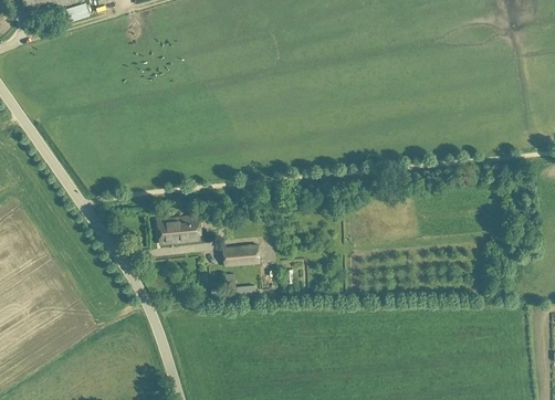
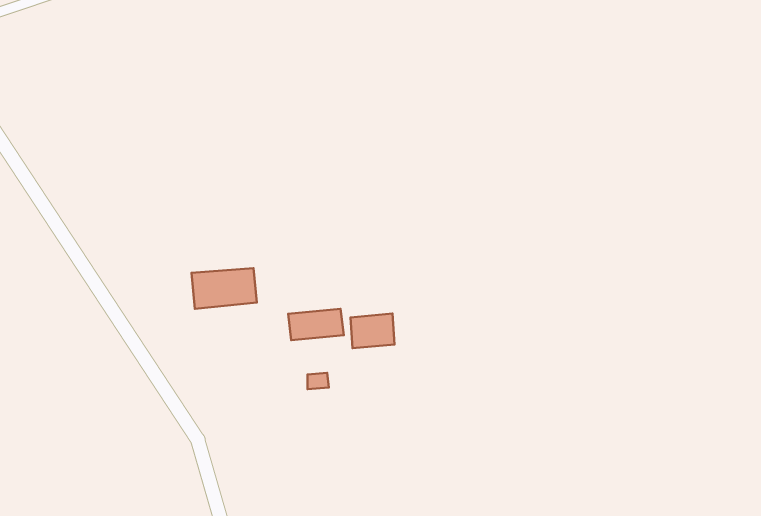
building: none -> [350,314,395,348]

